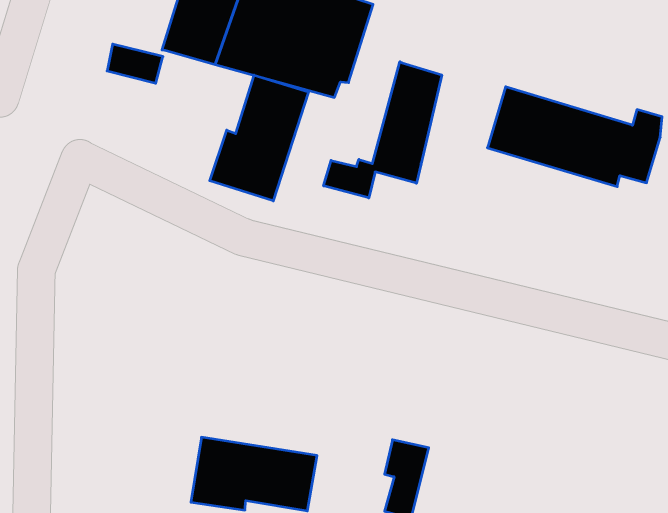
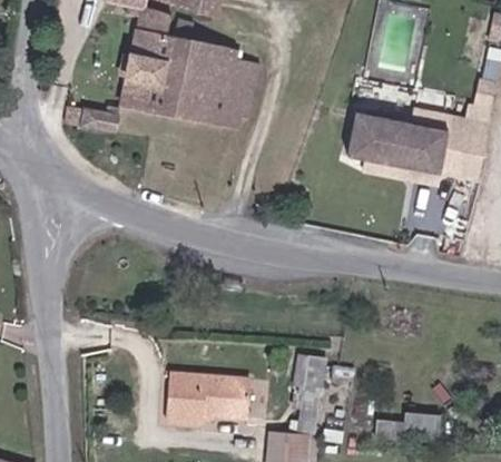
building: [324,62,442,198] -> none
building: [210,75,308,201] -> none

